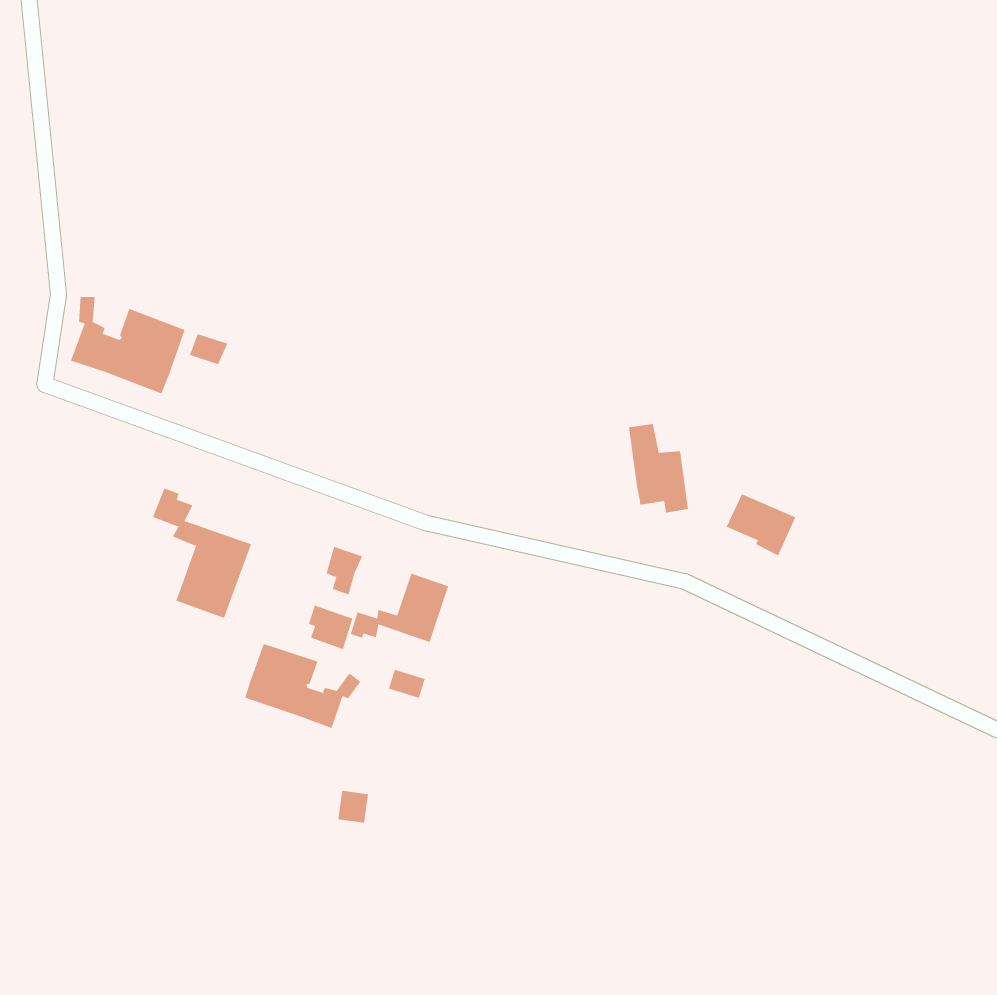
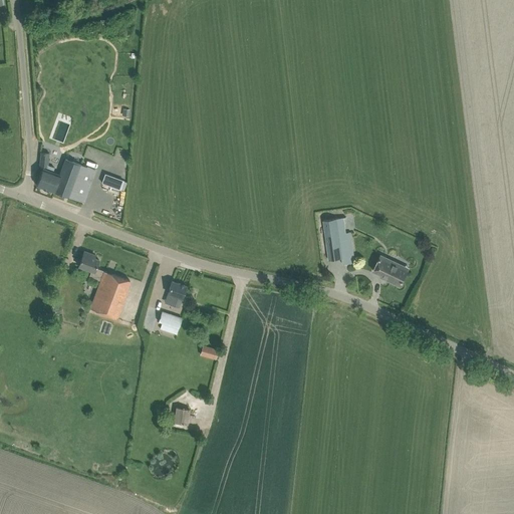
building: [350,573,449,643] -> none
building: [244,643,361,729] -> none

